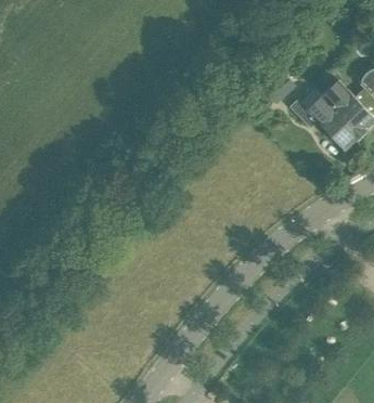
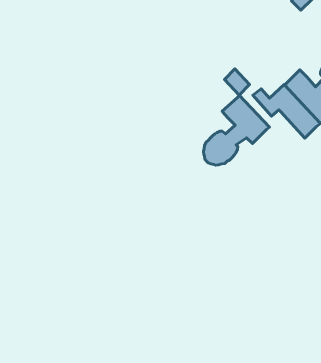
building: none -> [203,95,269,165]

